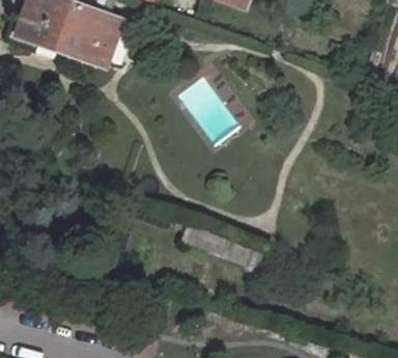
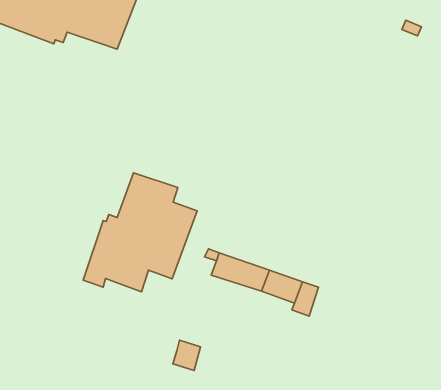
building: none -> [83,173,197,292]

